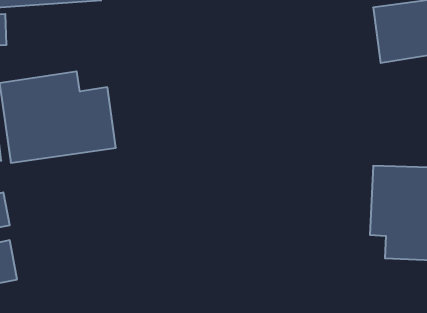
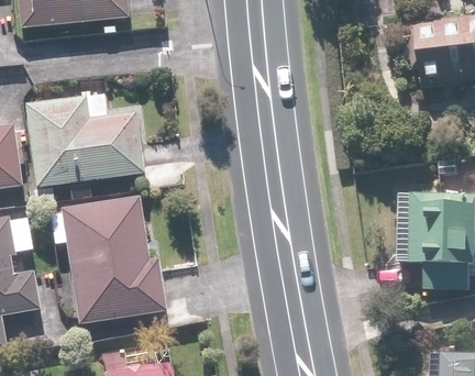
building: none -> [62,200,166,321]

